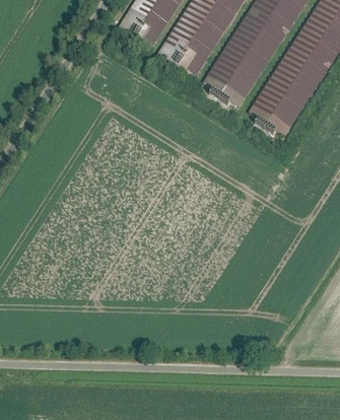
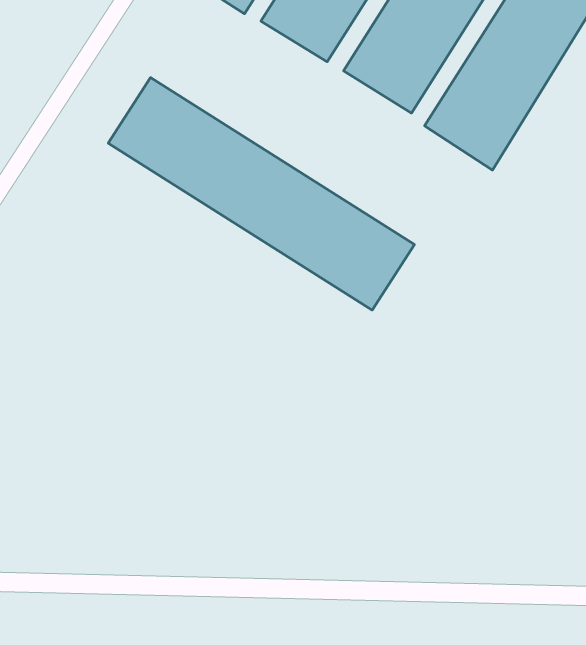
building: none -> [108,77,415,310]

